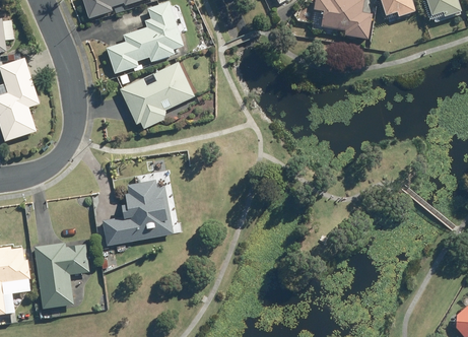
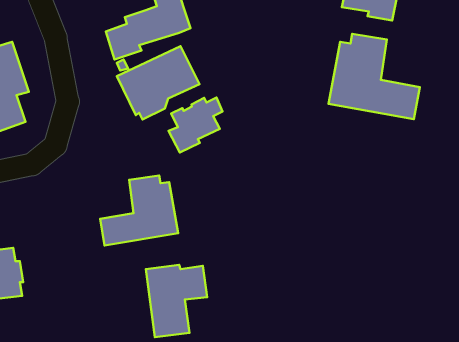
building: none -> [328,34,420,119]
building: none -> [169,98,222,153]
building: [34,243,89,309] -> [146,265,207,337]

